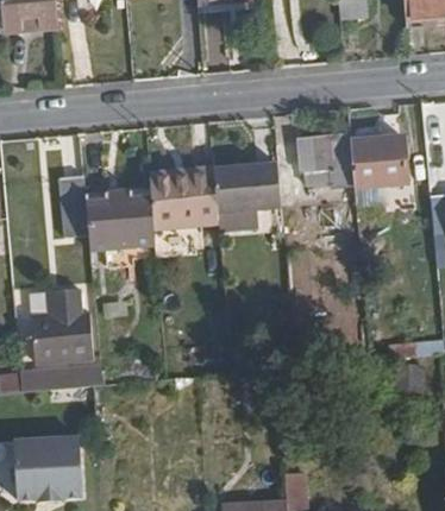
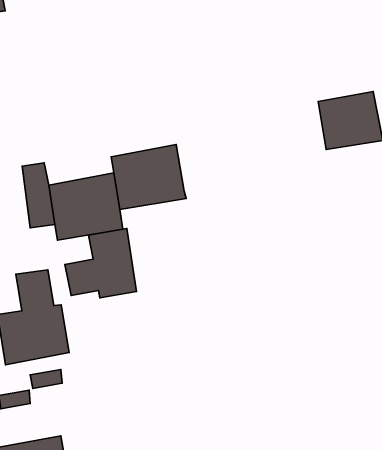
building: [301,140,355,189] -> none
building: [212,163,281,214] -> none
building: none -> [65,229,137,298]

